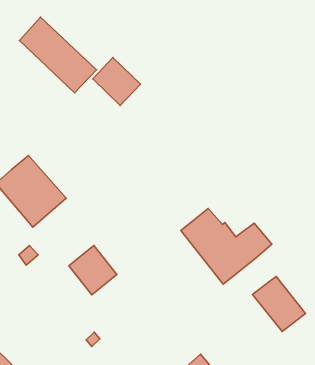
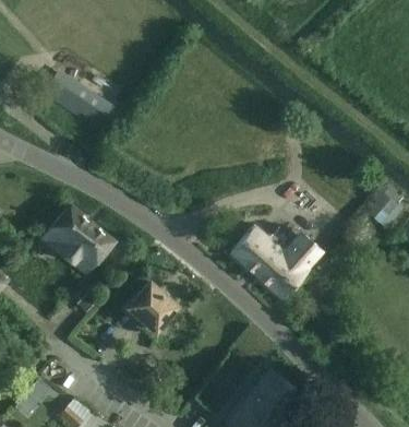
building: [93,58,141,105] -> none
building: [253,276,305,332] -> none

